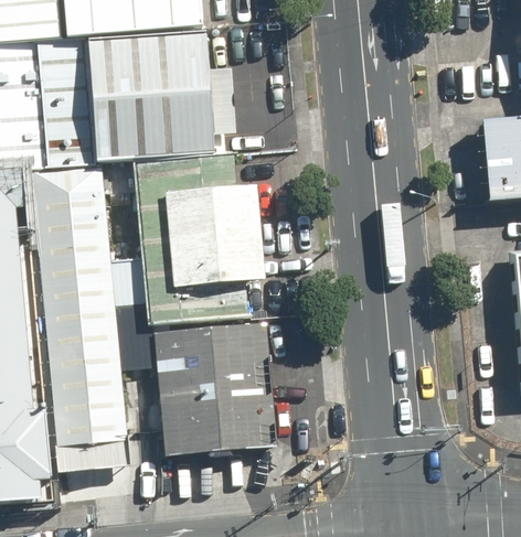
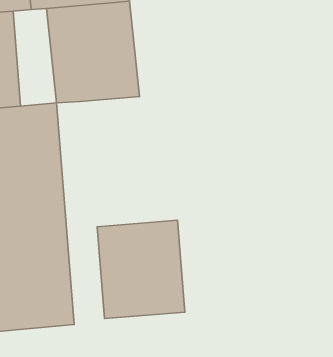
building: [42,34,100,167] -> none
building: [132,151,254,323] -> none

